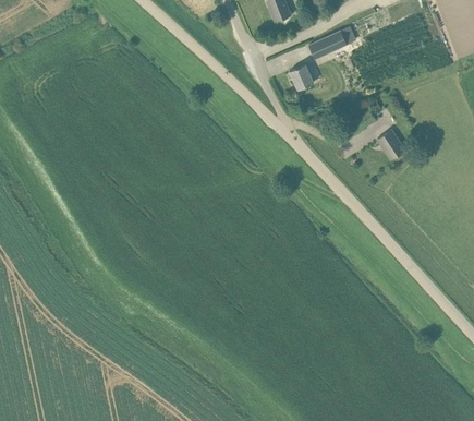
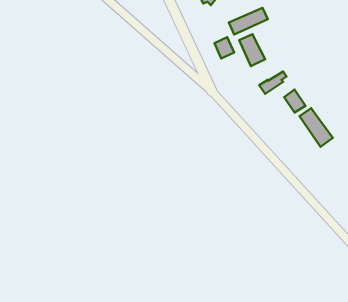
building: none -> [239,34,265,66]
building: none -> [300,108,333,147]

